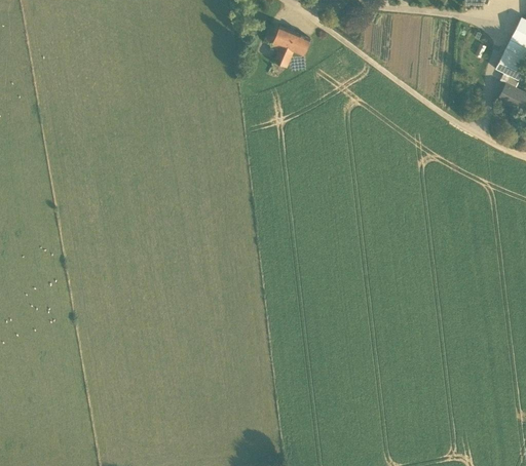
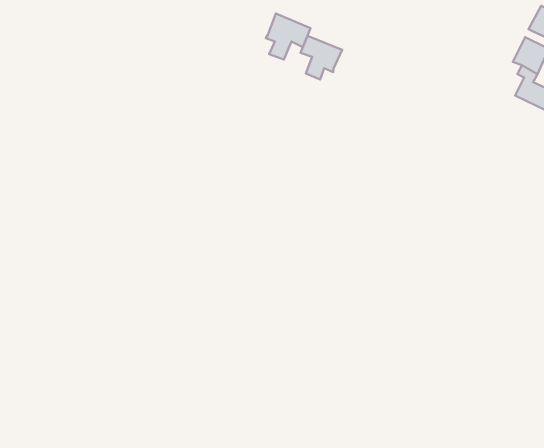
building: none -> [300,36,342,80]

